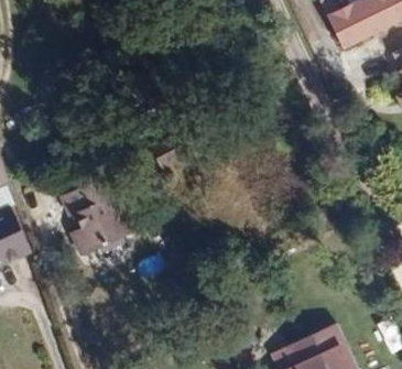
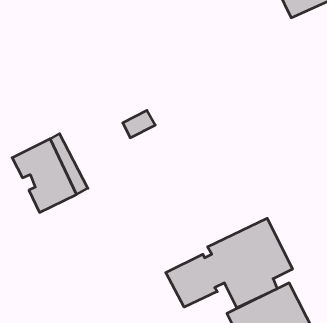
building: none -> [166,218,292,308]

